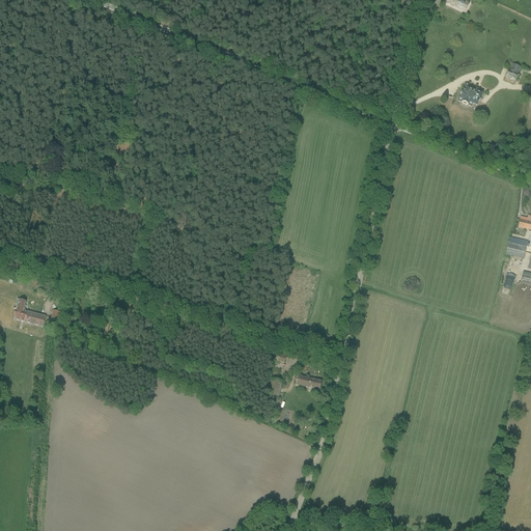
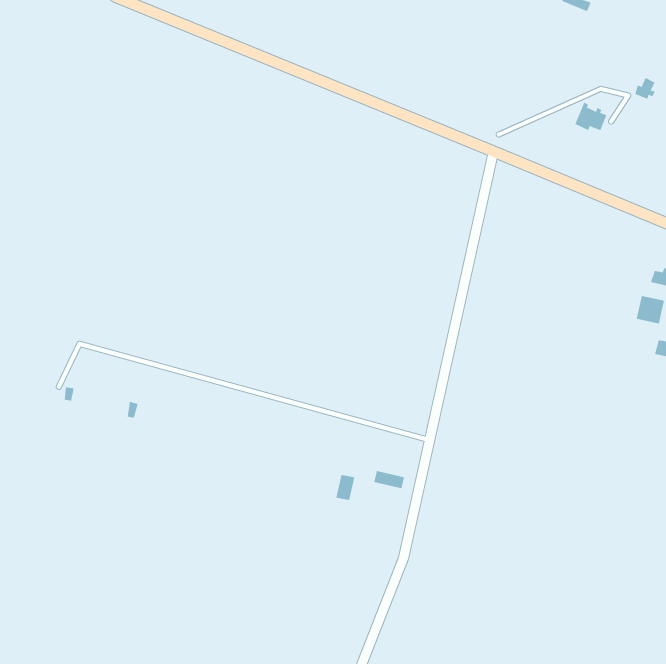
building: [16,296,47,324] -> none

